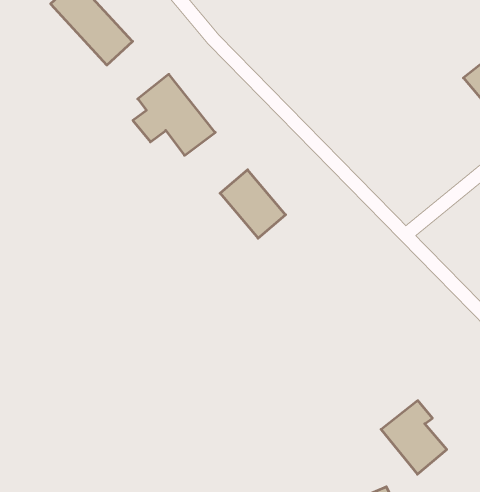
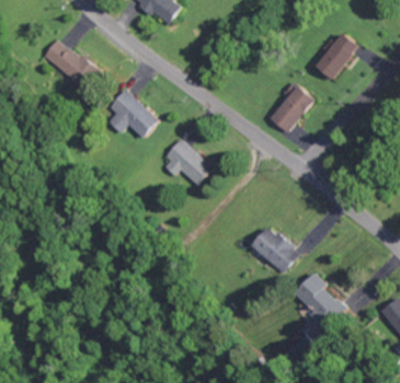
building: none -> [270,81,313,132]
building: none -> [251,227,298,271]

